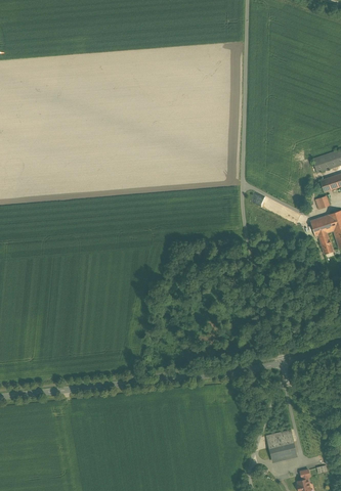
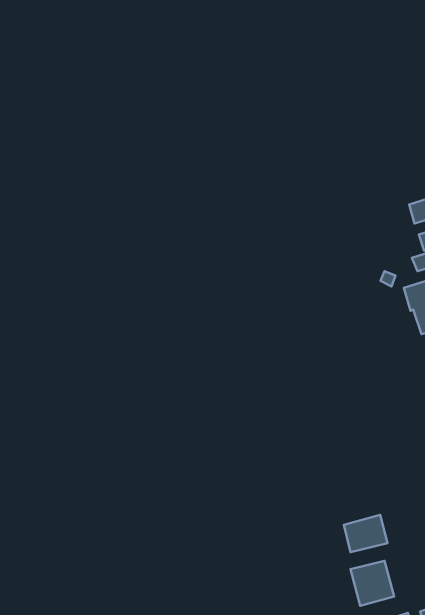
building: none -> [344,515,387,552]

